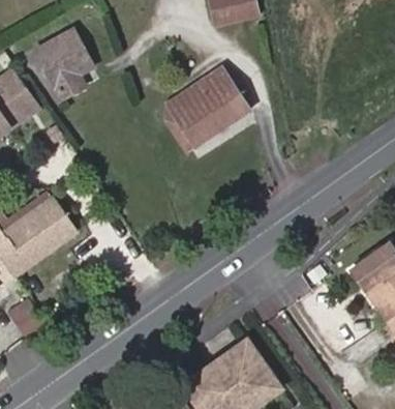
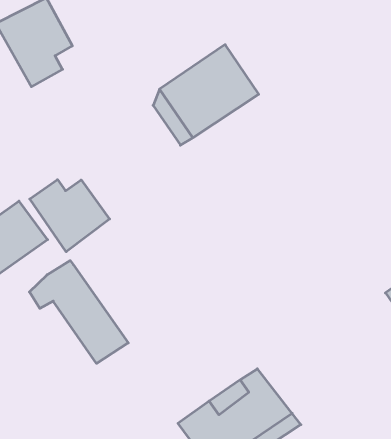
building: none -> [30,180,110,252]
building: none -> [29,261,128,363]

